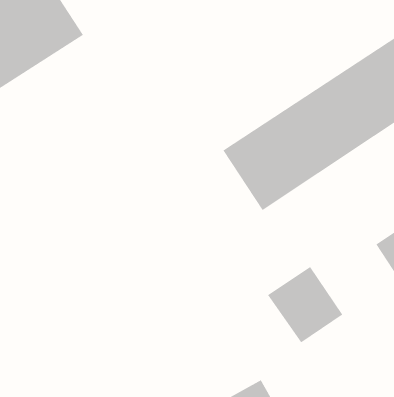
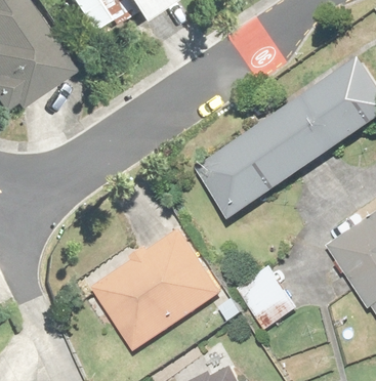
building: none -> [92,226,224,350]

